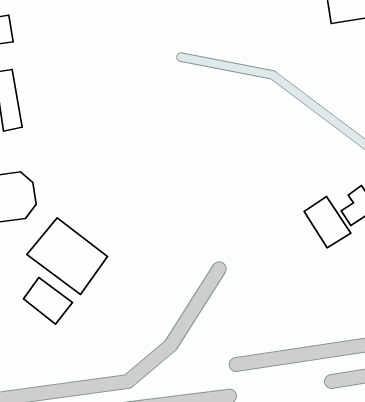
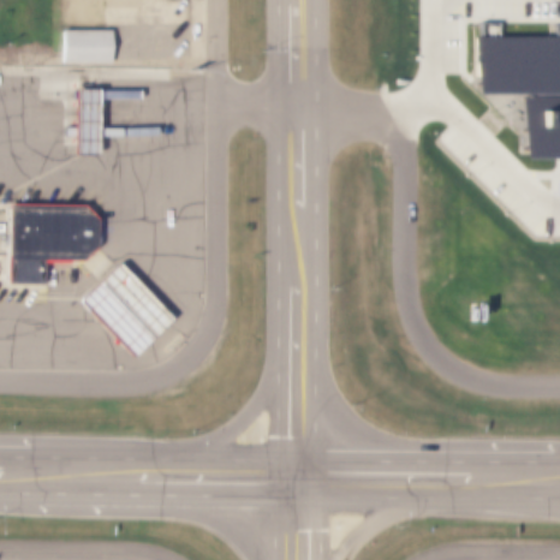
building: [304,196,351,248] -> none
building: [23,277,73,324] -> none

